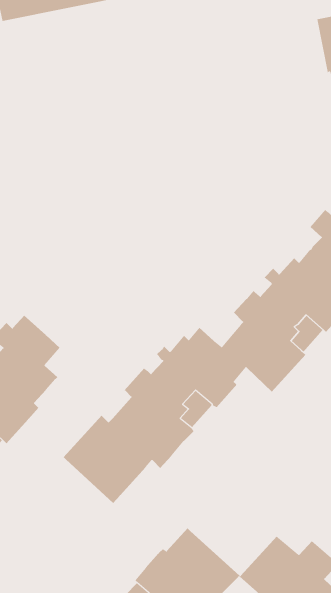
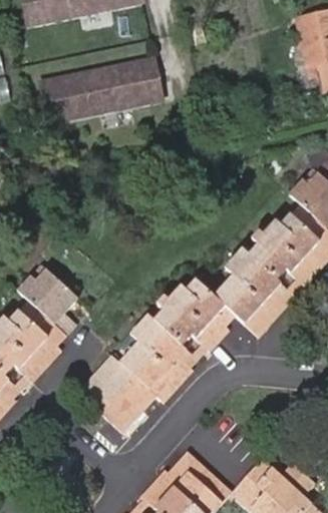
building: none -> [41,57,161,119]

